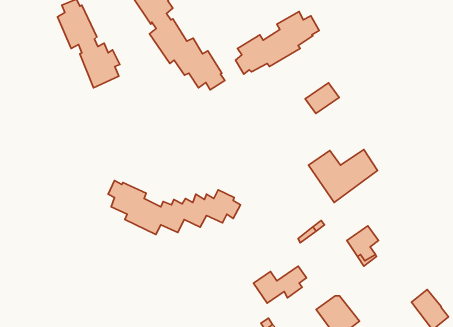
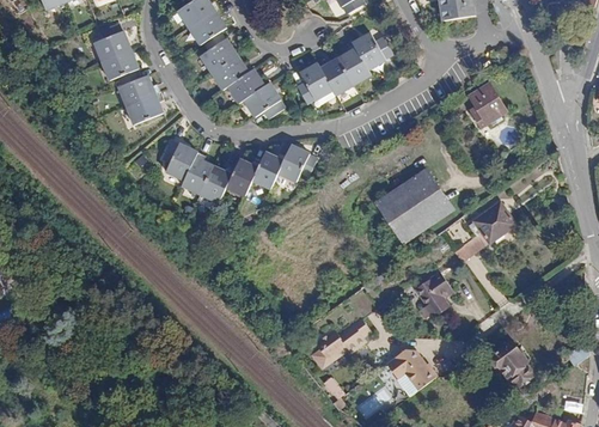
building: none -> [469,84,507,127]
building: [305,83,339,114] -> [401,170,439,205]
building: none -> [457,200,519,262]
building: [108,180,240,234] -> [164,133,313,194]

